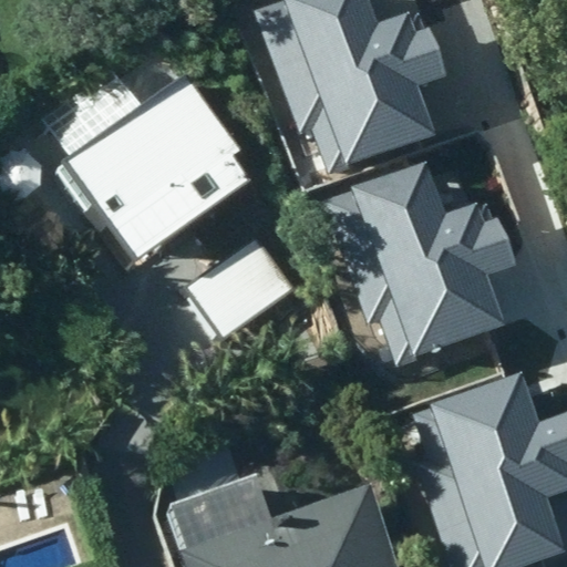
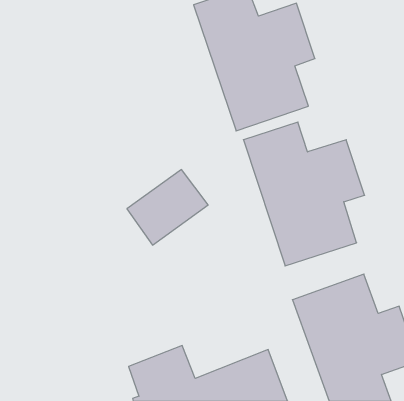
building: [35,66,244,271] -> none

